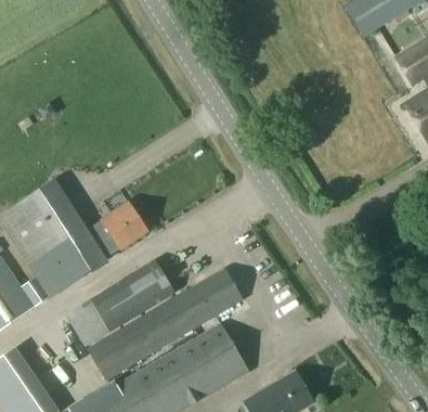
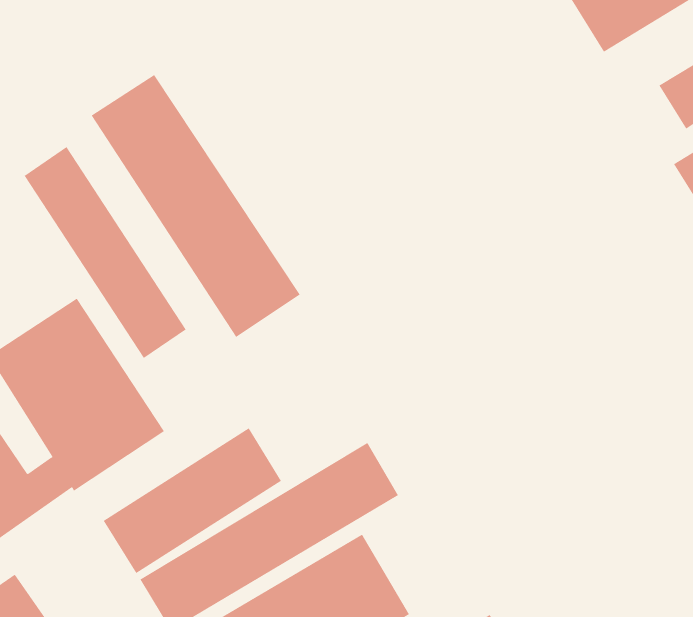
building: none -> [91,74,301,338]
building: none -> [24,146,186,359]
building: [102,202,150,250] -> none

